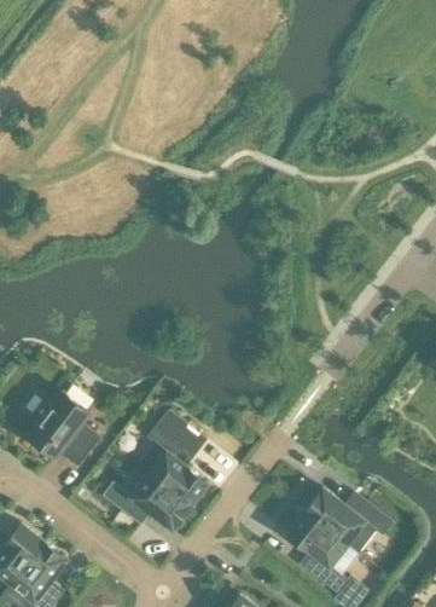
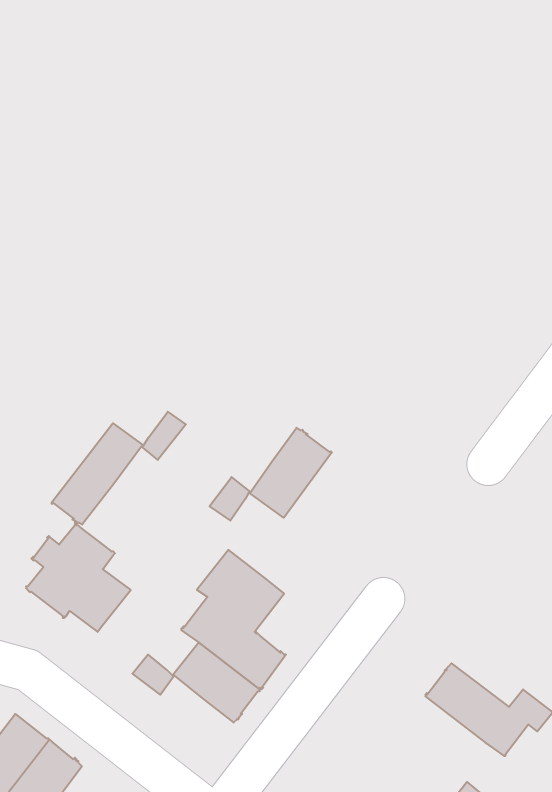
building: none -> [52,412,186,525]
building: none -> [210,428,332,521]
building: [287,511,348,567] -> none

